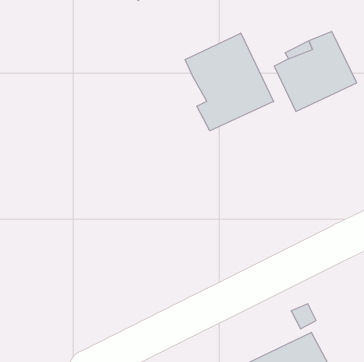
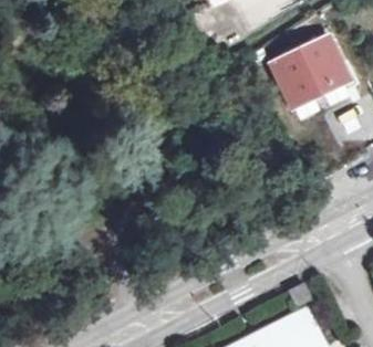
building: [185,33,274,131] -> none

